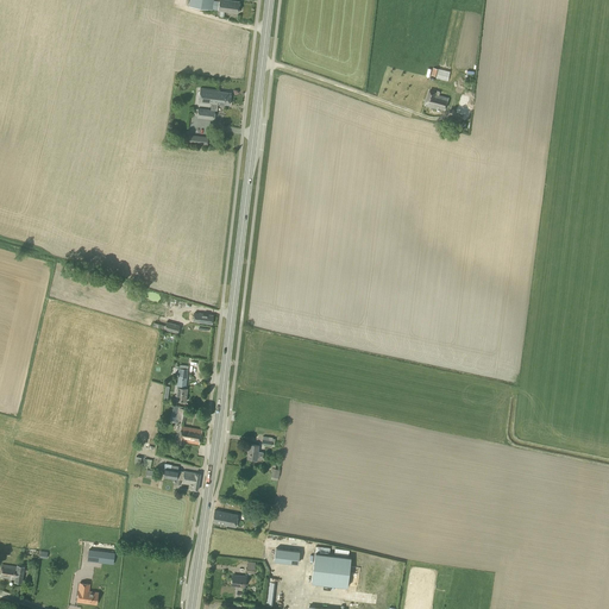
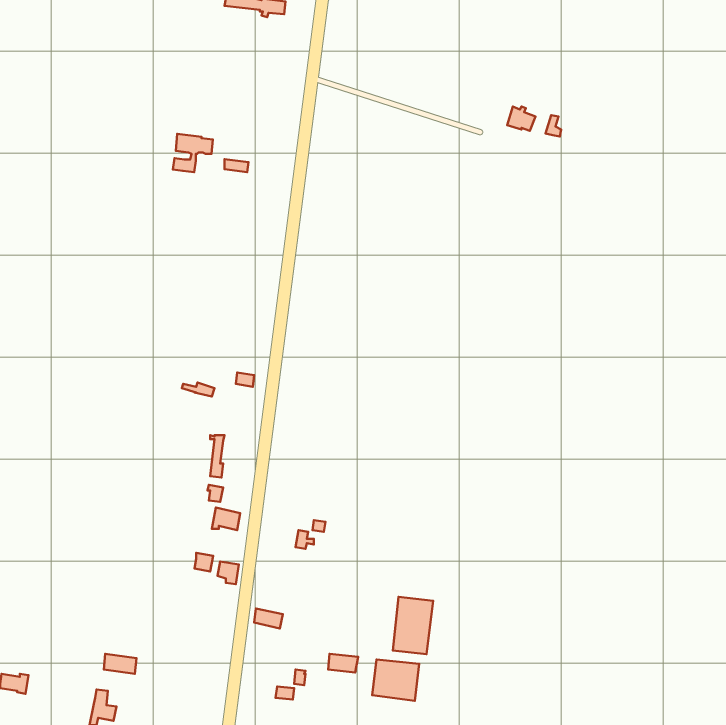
building: [196,87,230,119] -> [173,134,213,172]
building: none -> [393,597,433,654]

